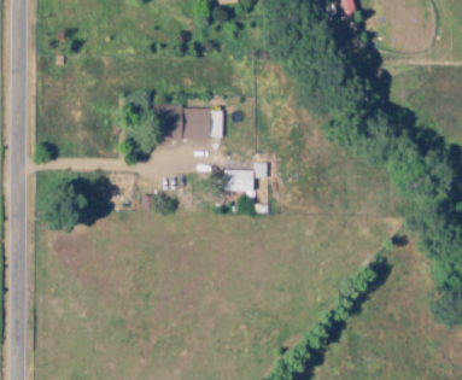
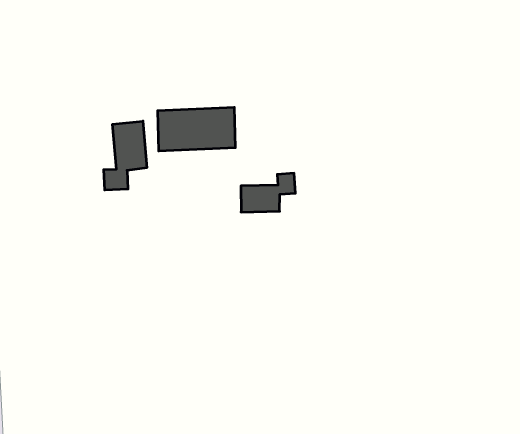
building: none -> [104,121,147,190]

